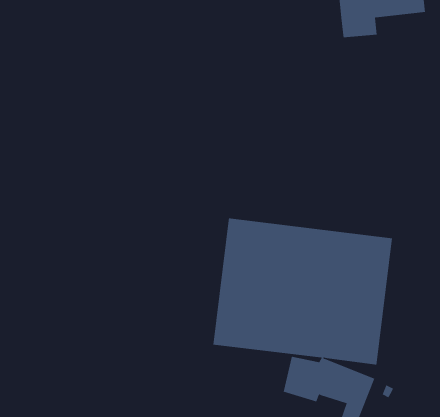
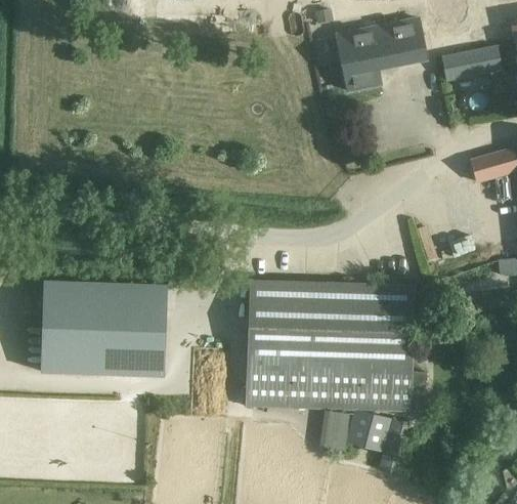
building: none -> [41,280,167,376]

